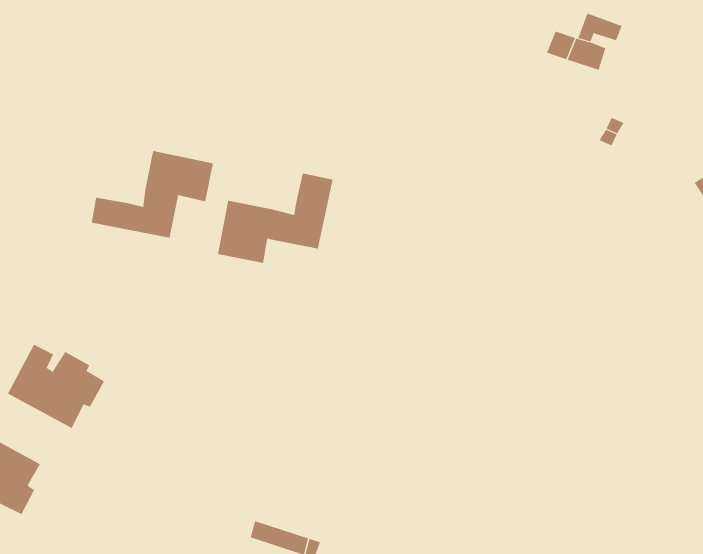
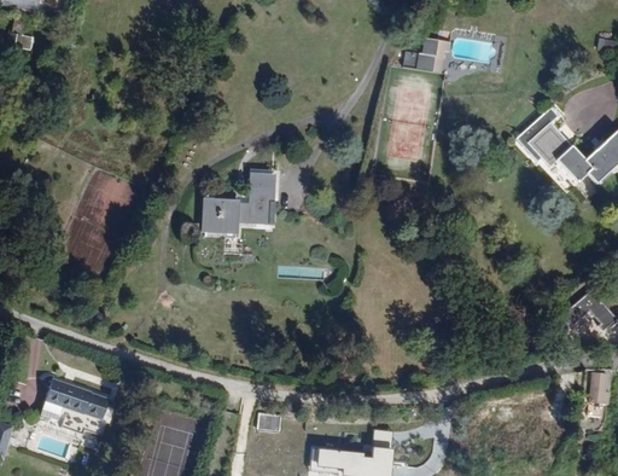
building: [91,150,214,238] -> none
building: [7,344,105,429] -> none

